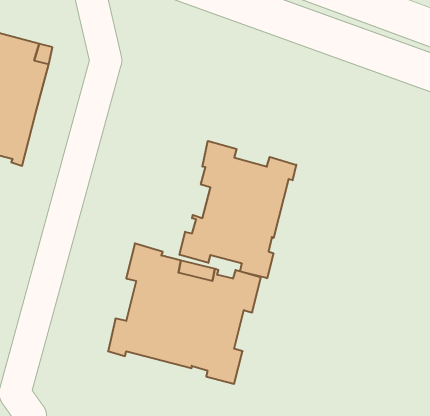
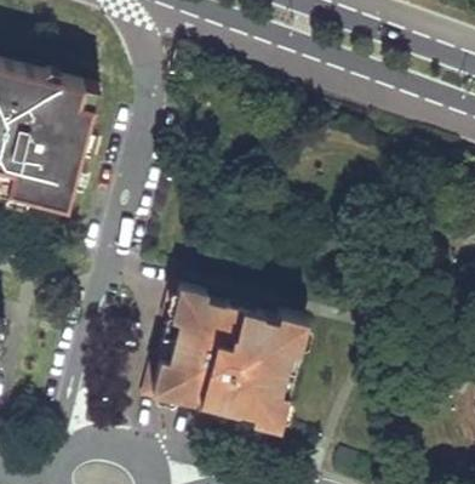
building: [180,141,296,278] -> none

